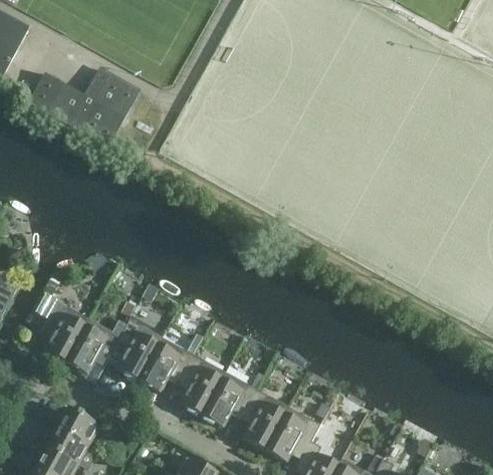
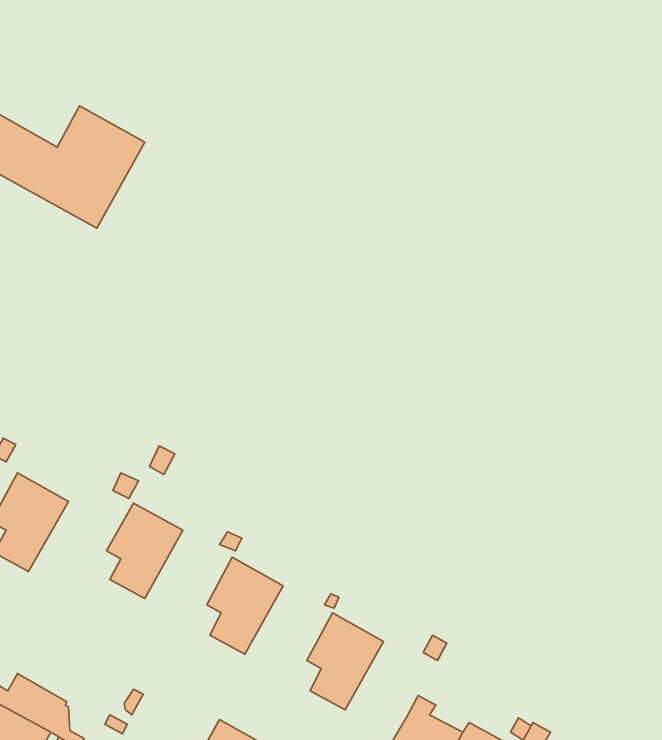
building: [65,317,132,375] -> none
building: [139,336,194,393] -> none
building: [202,372,257,427] -> none
building: [58,405,100,445] -> none
building: [265,407,320,462] -> none

